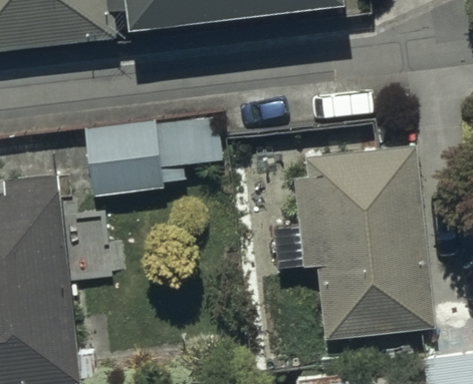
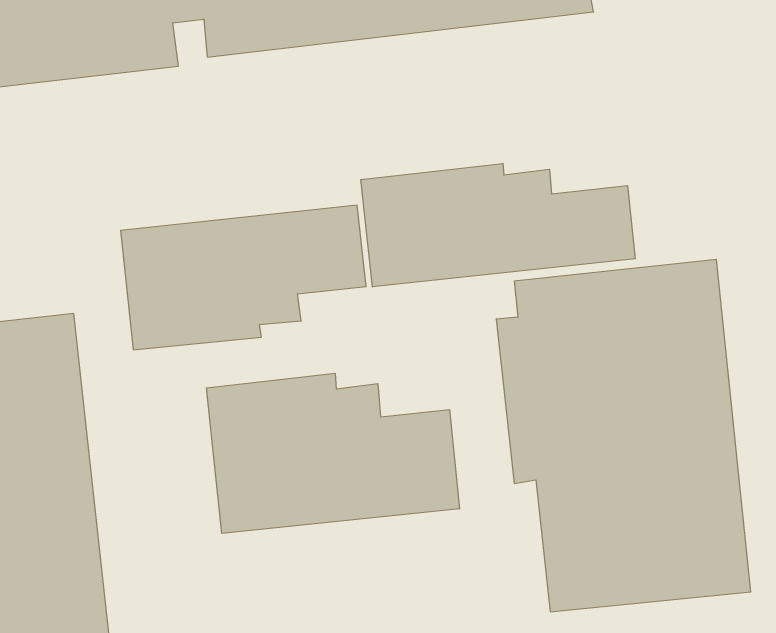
building: none -> [361,163,635,287]
building: none -> [207,373,459,533]

